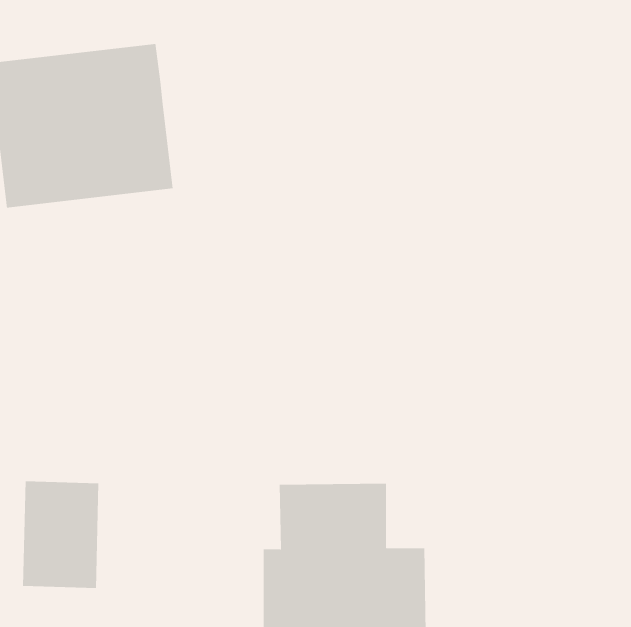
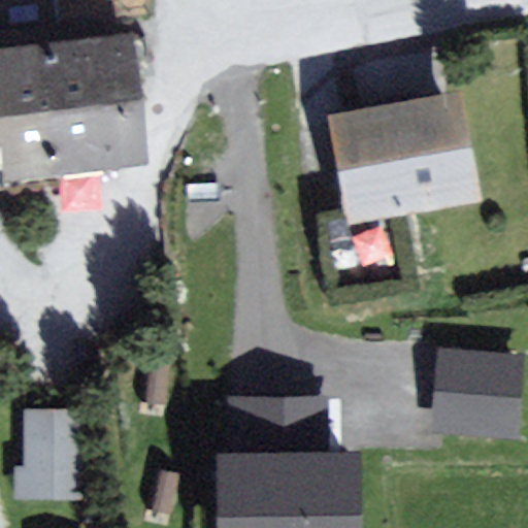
building: none -> [335,101,478,223]
building: none -> [435,360,514,437]

